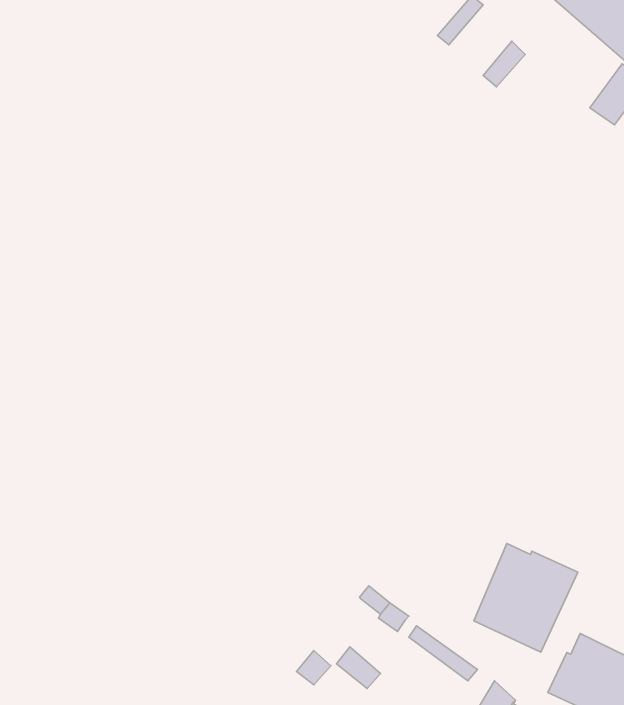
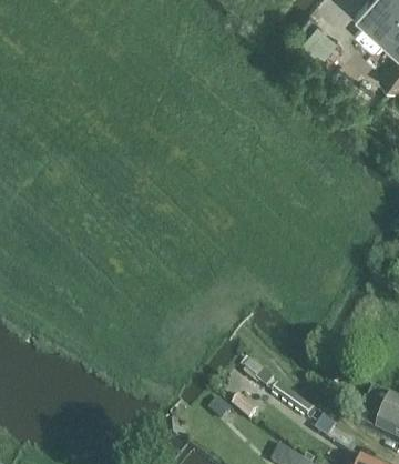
building: [474,543,578,652] -> none

